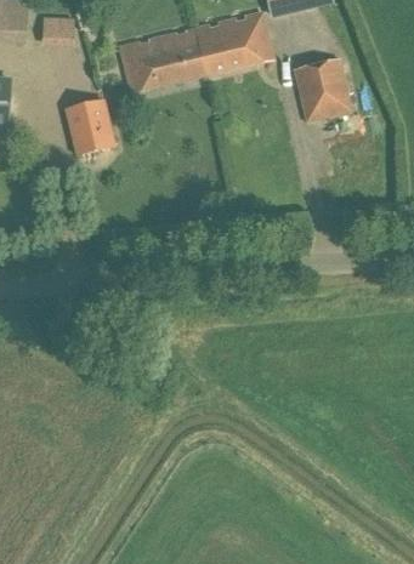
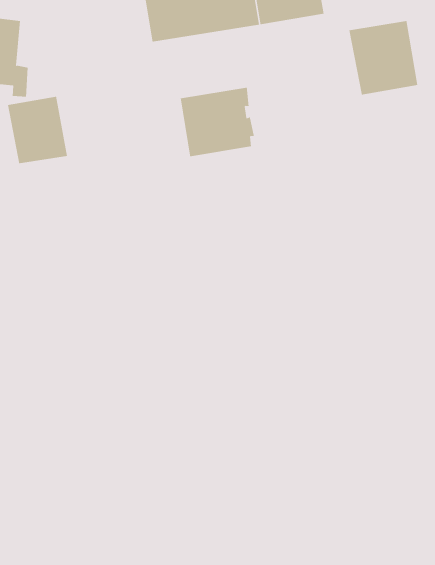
building: [64,98,117,155] -> [7,96,68,164]
building: none -> [180,87,254,157]

